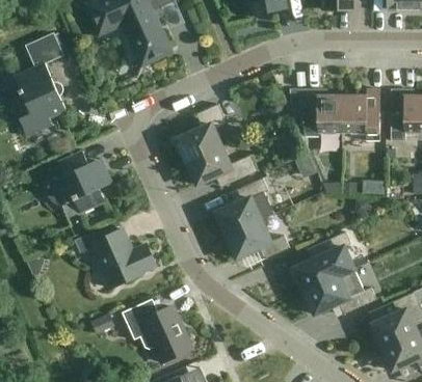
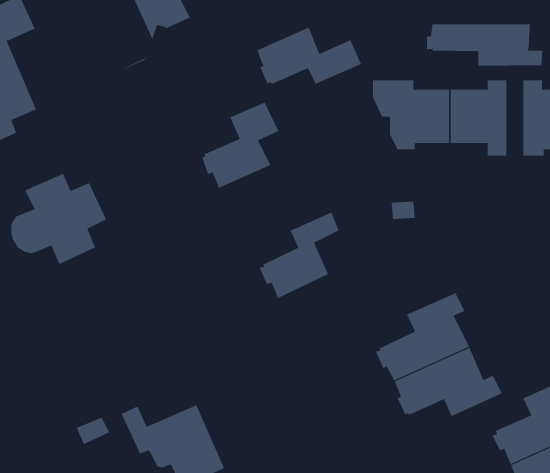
building: none -> [426,23,543,66]
building: [187,146,258,185] -> [256,27,362,84]
building: [227,219,290,258] -> none
building: [75,229,156,288] -> none

